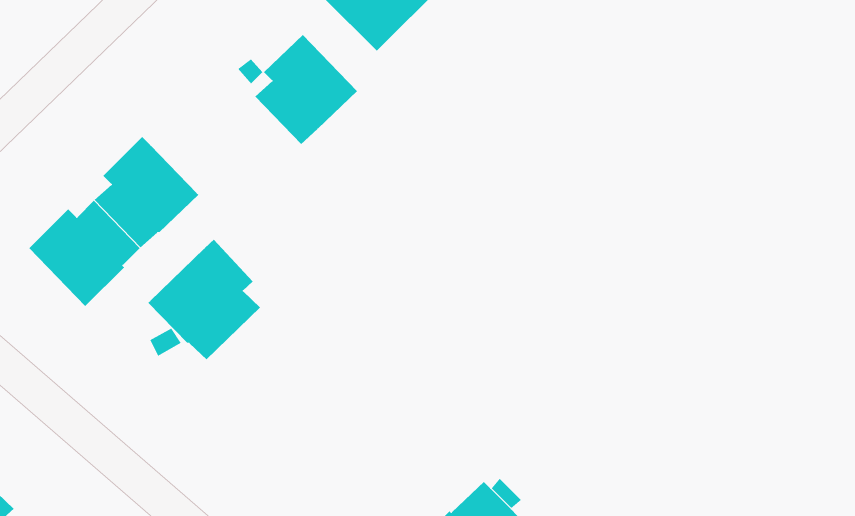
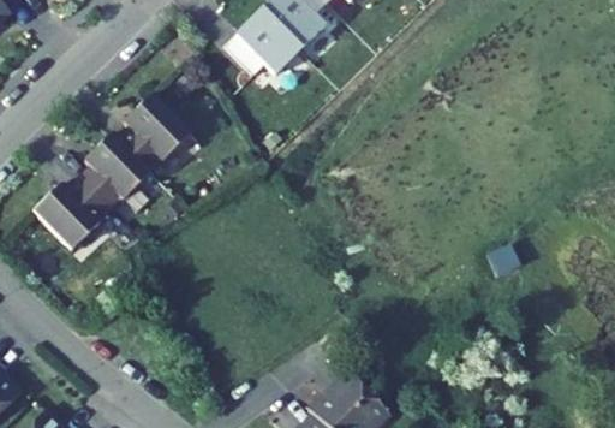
building: [254,34,358,145] -> [118,94,190,171]
building: [147,239,261,360] -> none

